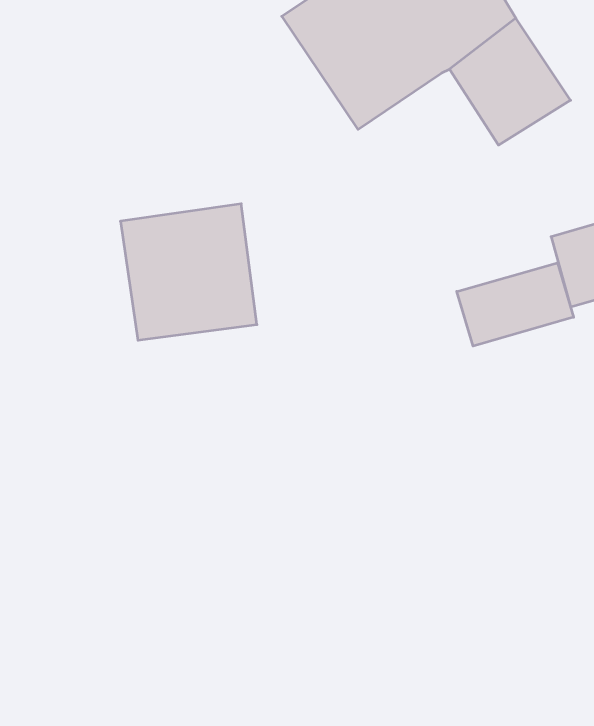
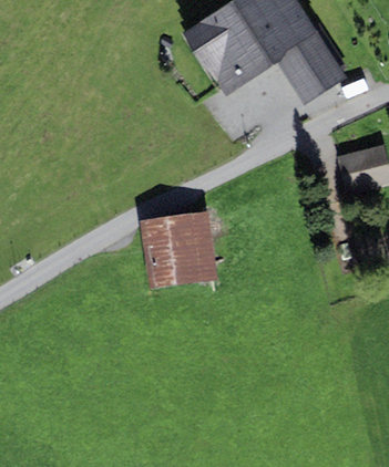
building: [120,204,257,340] -> [141,211,218,289]
building: [457,263,574,346] -> none

